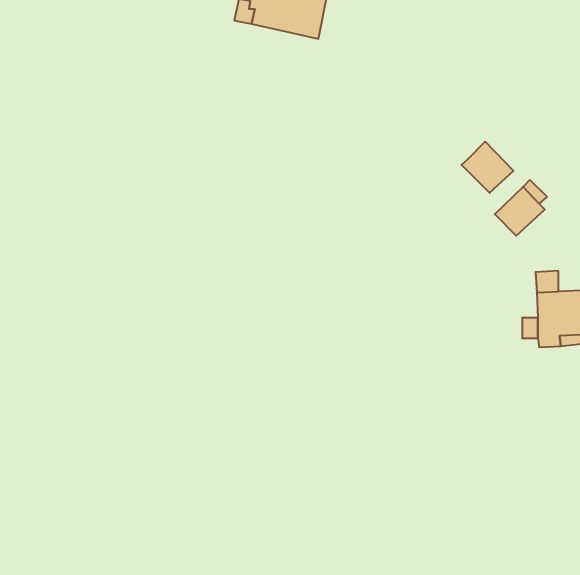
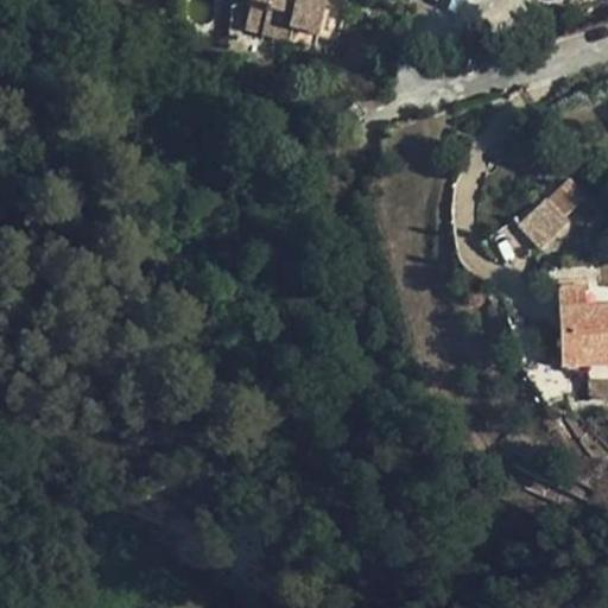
building: [461,142,513,193] -> none

